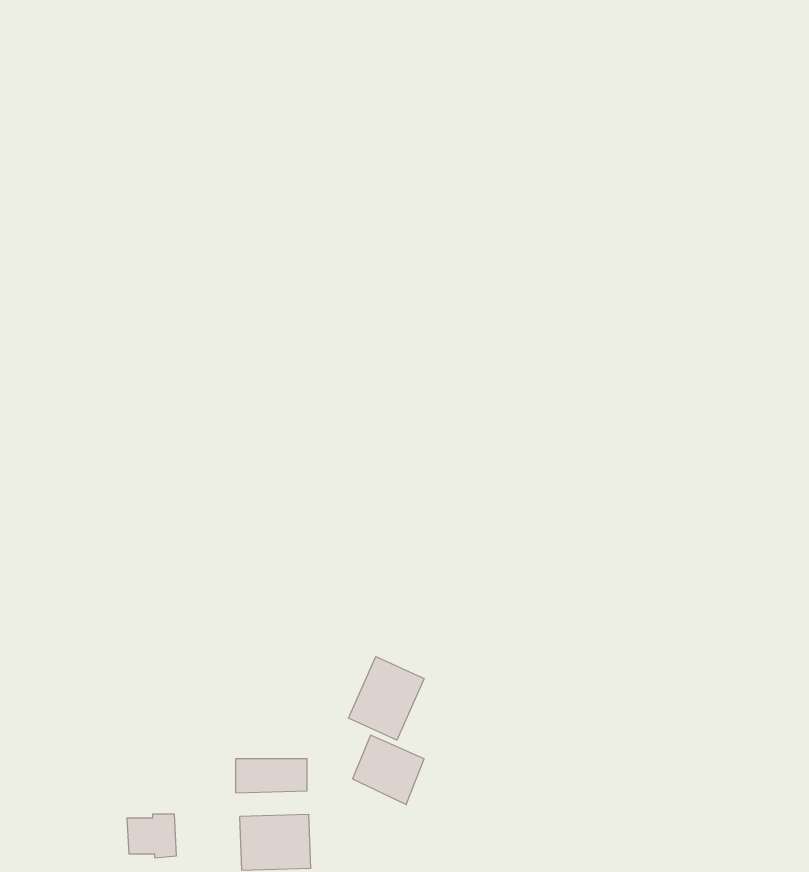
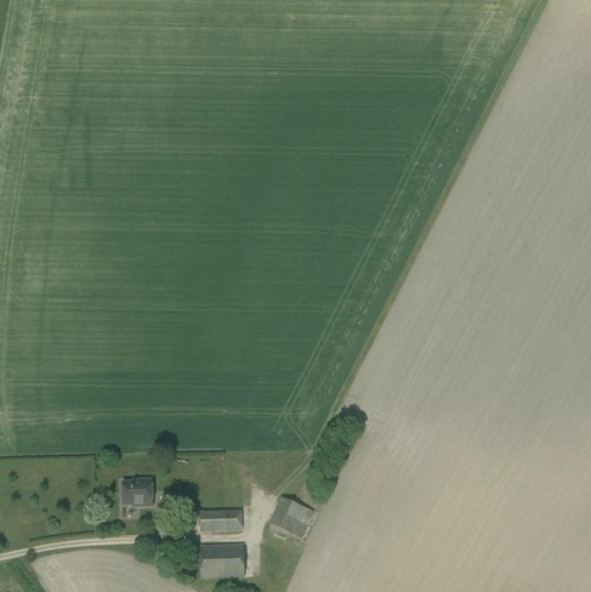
building: [349,657,424,740] -> none
building: [127,814,176,858] -> [121,478,152,505]

